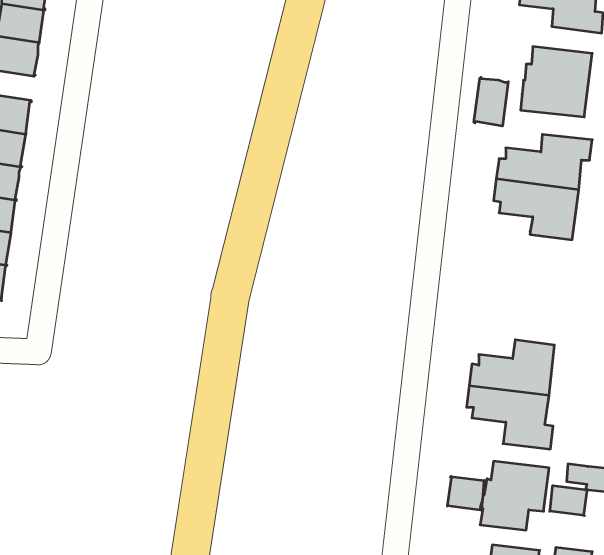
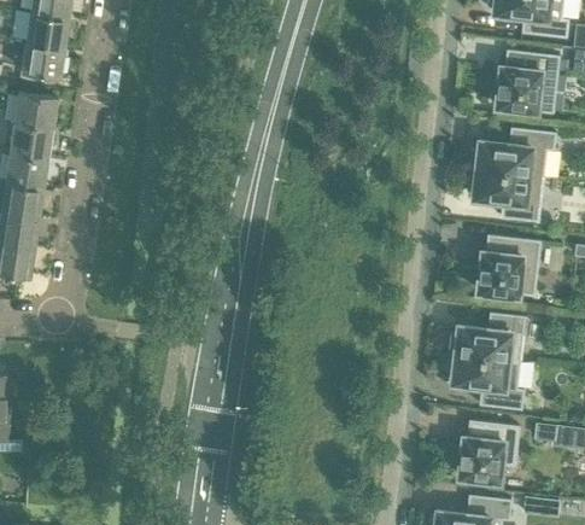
building: [474,77,508,126] -> none
building: none -> [475,234,538,294]
building: [447,476,485,510] -> none
building: [550,486,587,516] -> none

